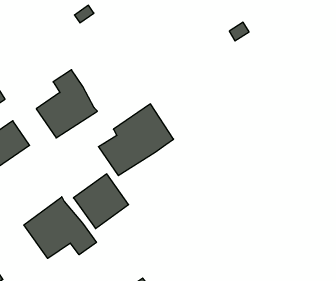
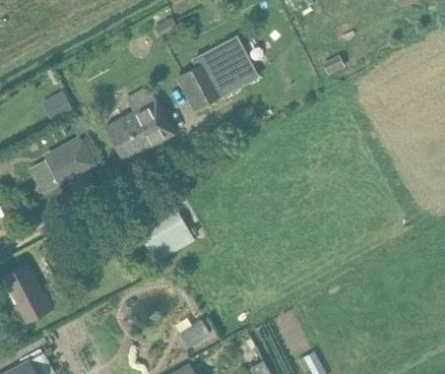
building: [98,104,174,176] -> [176,36,258,110]
building: [24,197,96,258] -> none

